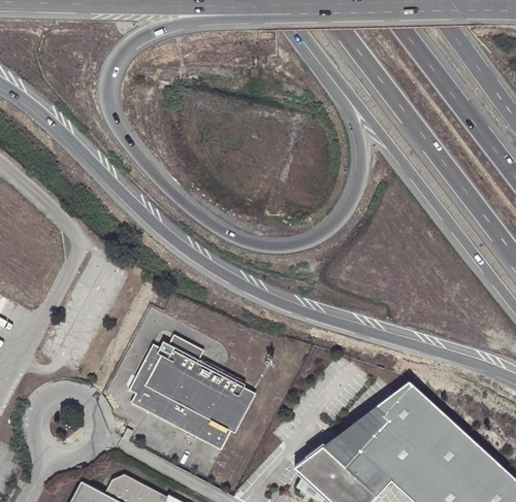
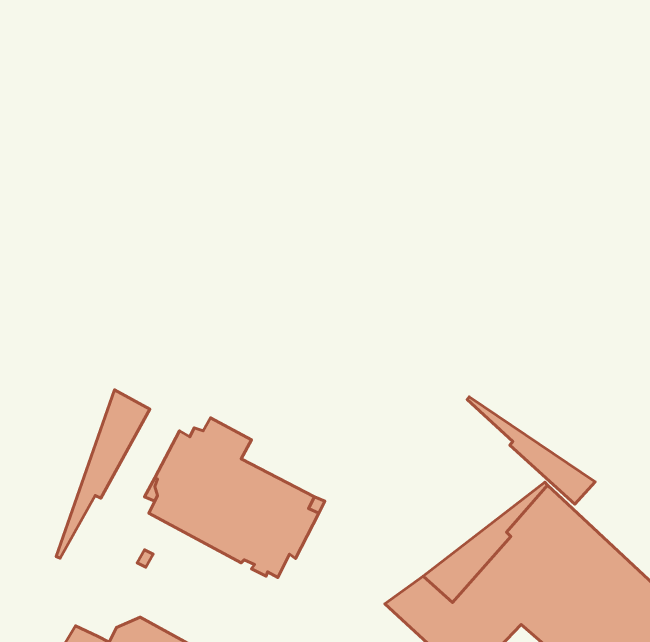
building: none -> [56,390,150,558]
building: none -> [467,397,595,504]

